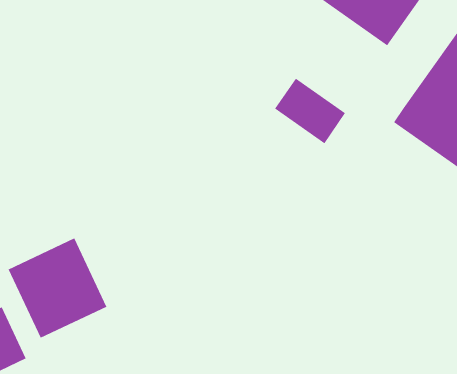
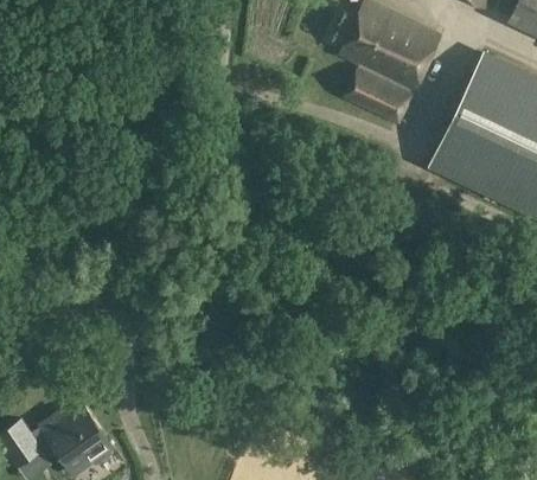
building: [274,78,346,144] -> [343,66,413,126]
building: [8,238,107,339] -> none

